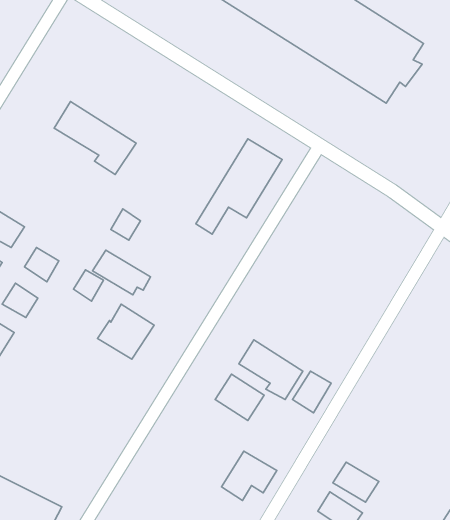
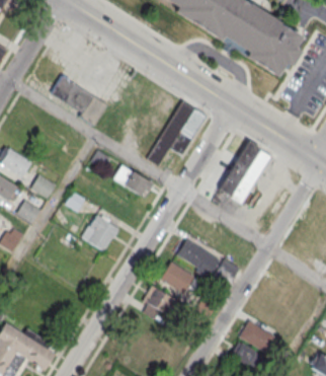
building: none -> [212,141,272,208]
building: [92,250,151,295] -> [112,164,152,195]
building: [222,451,277,500] -> [141,288,178,321]

